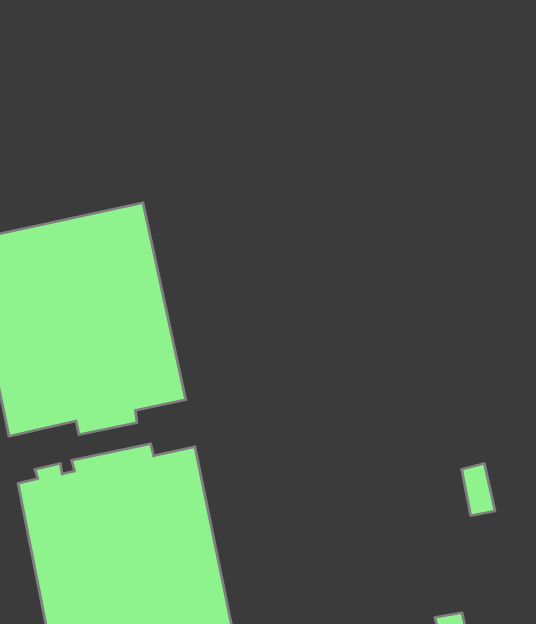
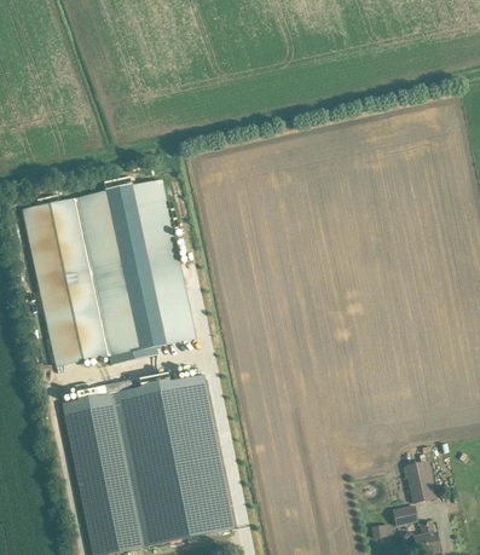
building: [461,464,495,515] -> [406,461,433,502]

